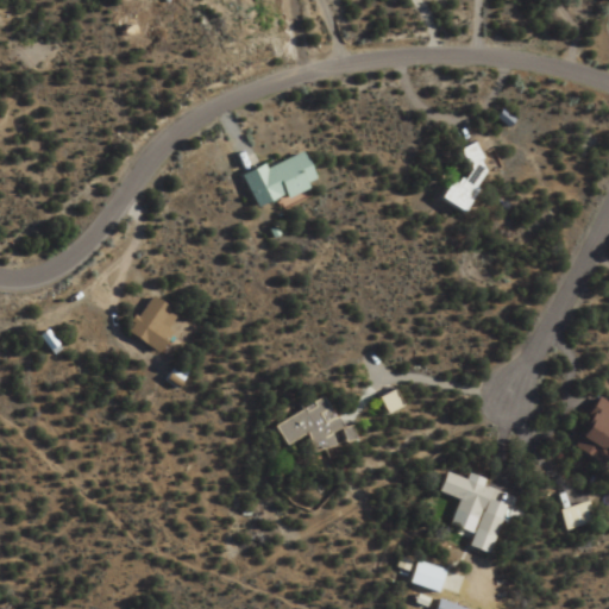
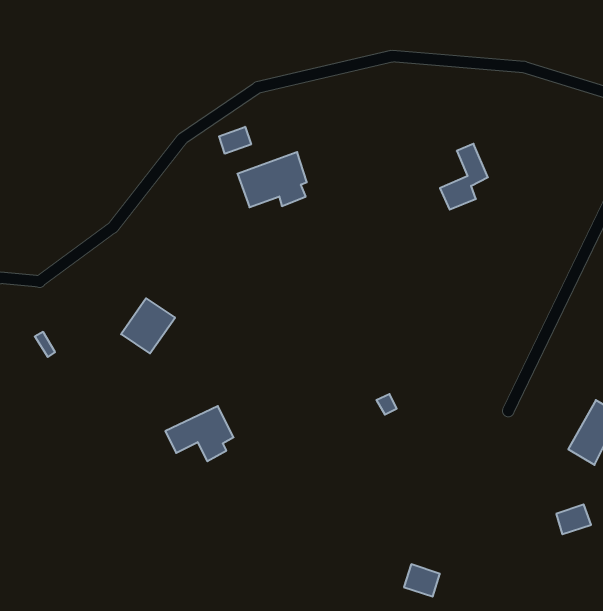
building: none -> [219,127,251,154]
building: [277,398,345,453] -> [165,406,234,461]
building: [442,472,509,554] -> none

